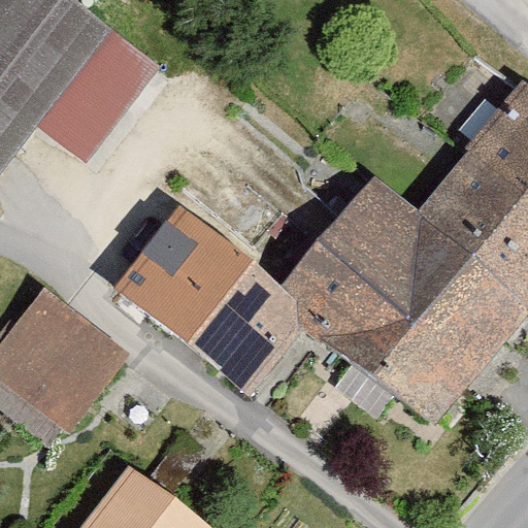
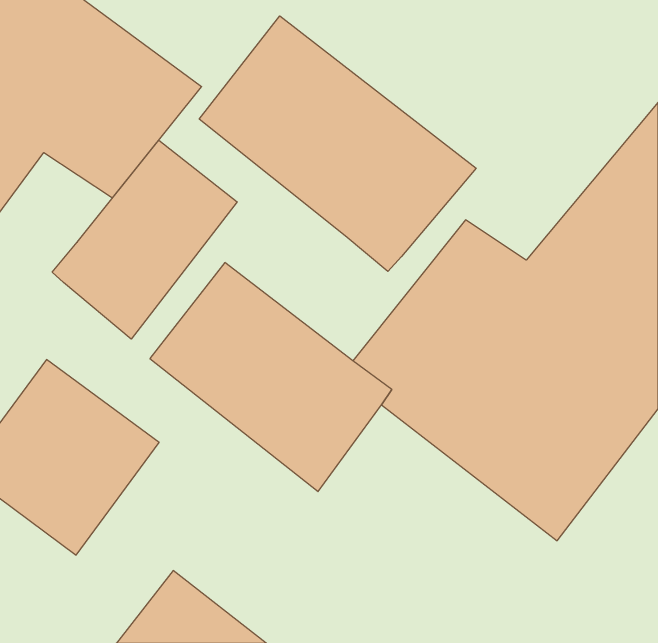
building: none -> [199,16,476,271]
building: none -> [52,140,237,339]

